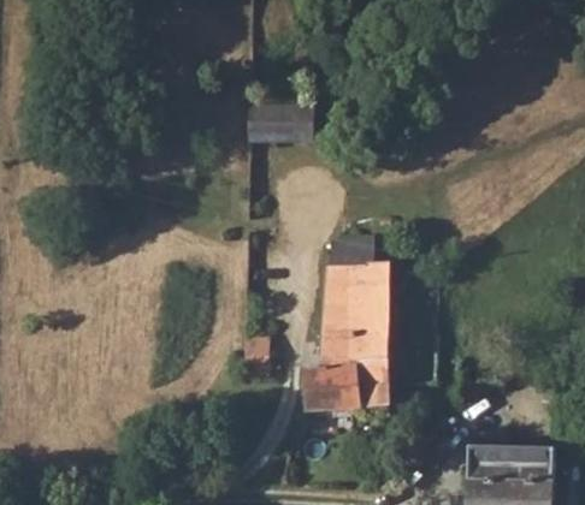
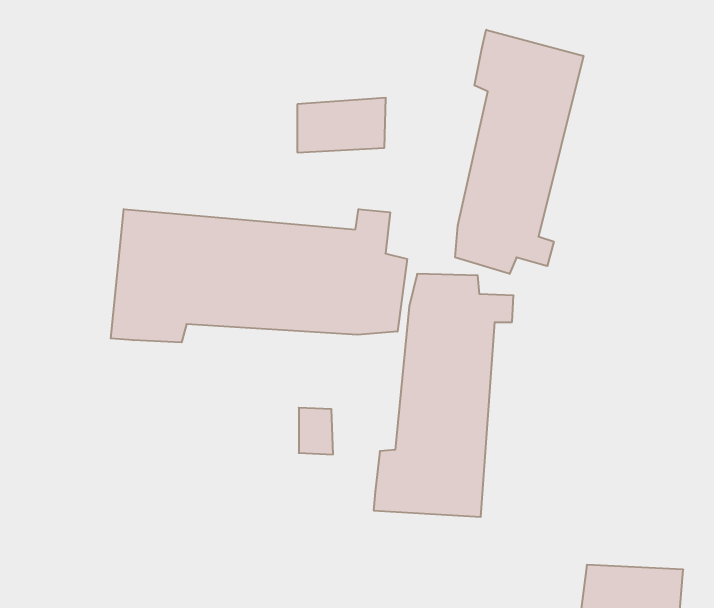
building: none -> [455,30,583,274]
building: none -> [111,209,407,342]

